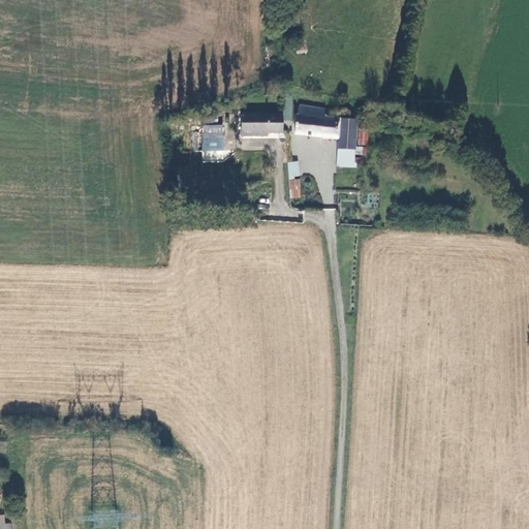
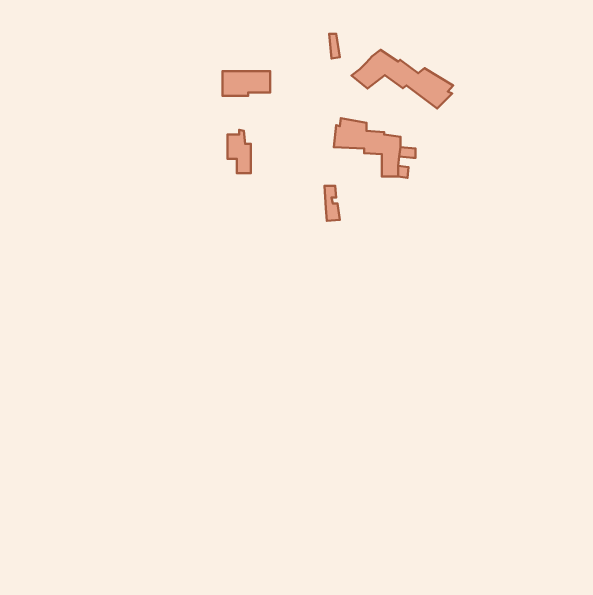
building: none -> [352,50,453,109]
building: [240,116,282,137] -> [222,71,270,96]

